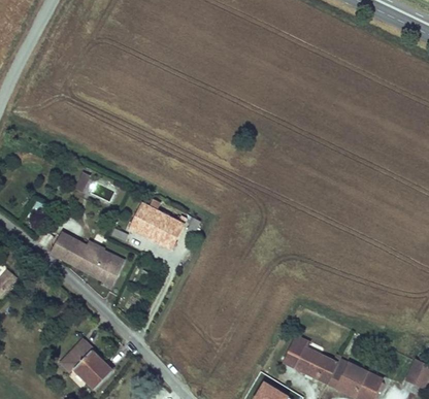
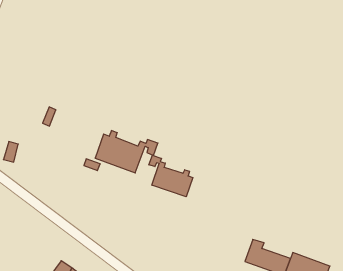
building: [51,227,126,286] -> none
building: none -> [149,155,193,197]

